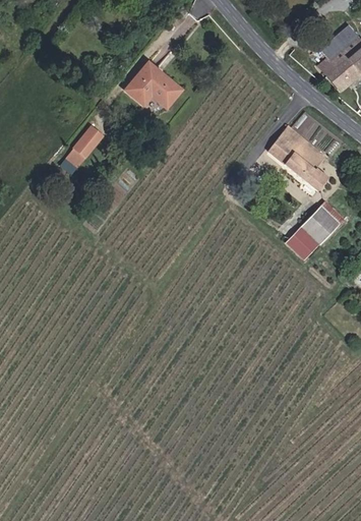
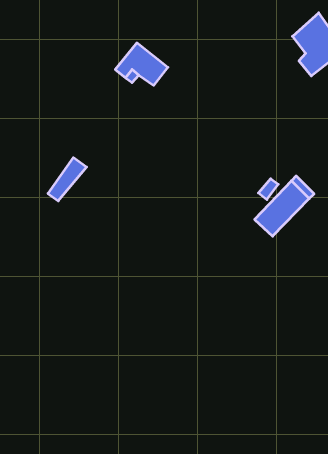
building: [266,125,329,198] -> none
building: [62,126,104,173] -> [48,158,87,201]

